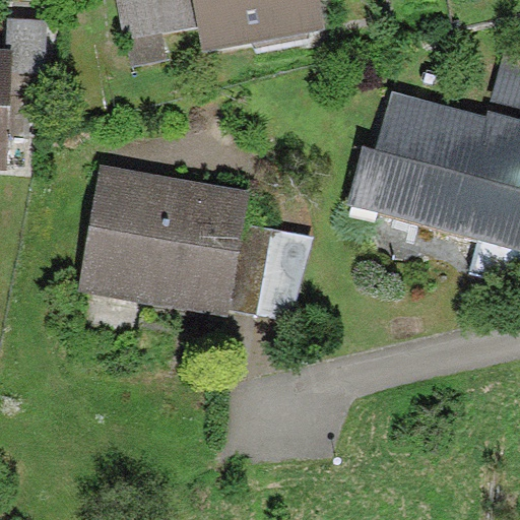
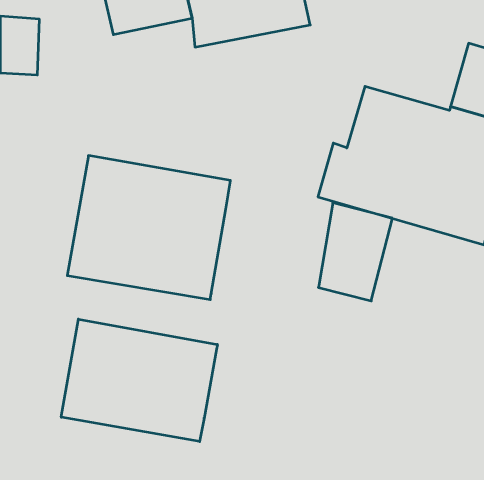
building: [231,221,309,325] -> [318,203,392,301]
building: none -> [61,319,217,442]

